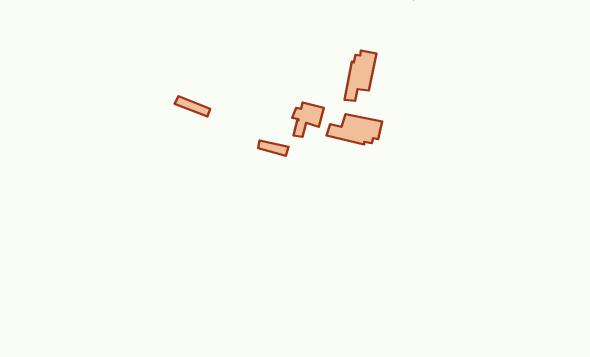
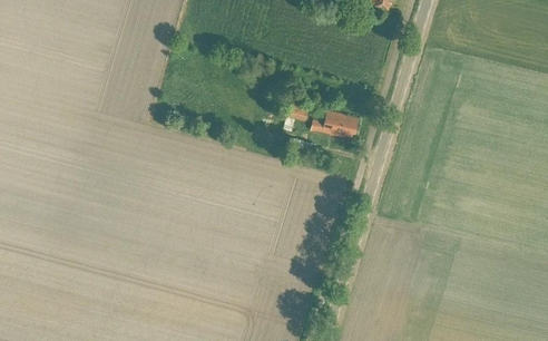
building: [345,50,376,101] -> none

